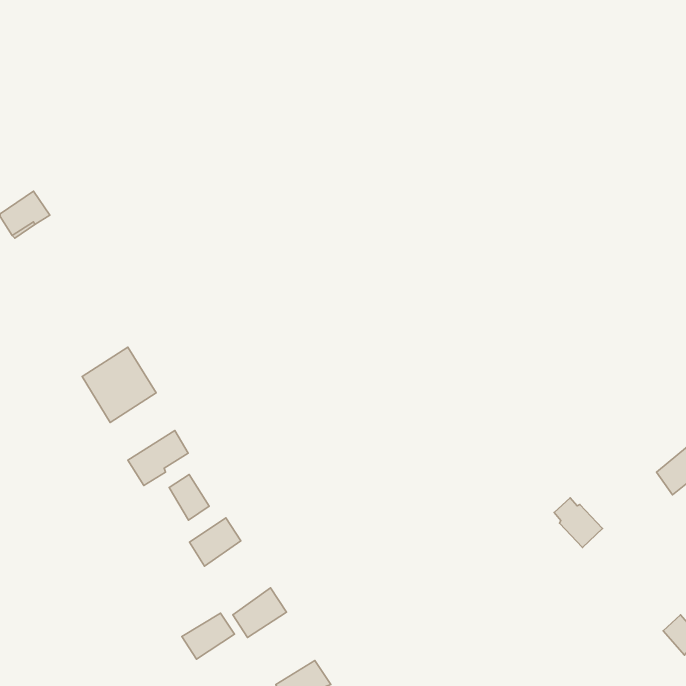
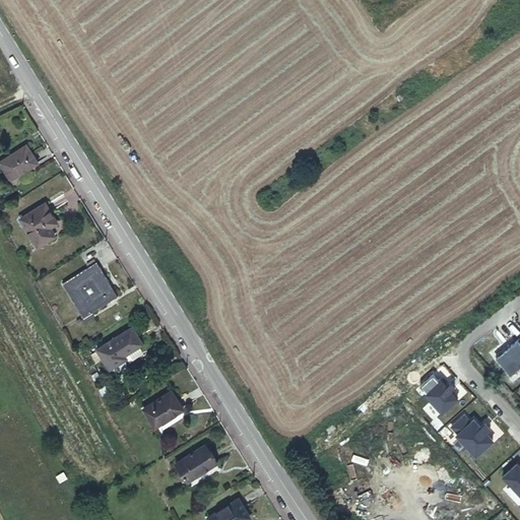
building: none -> [20,205,58,249]
building: [169,475,209,520] -> none
building: none -> [452,417,491,458]
building: [182,613,235,659] -> none

